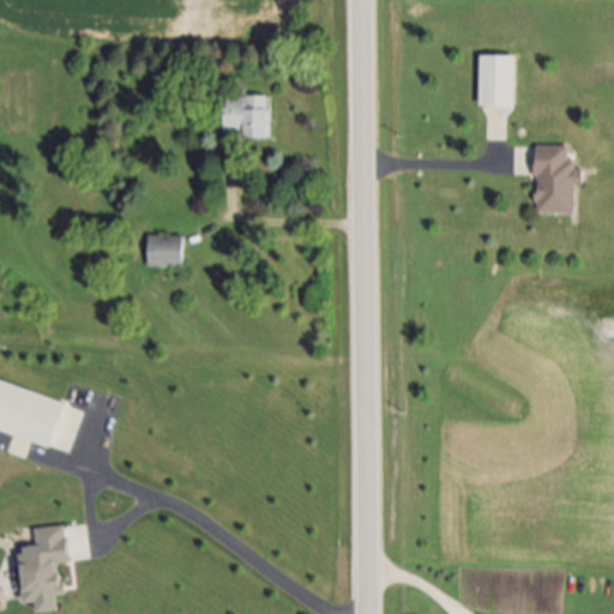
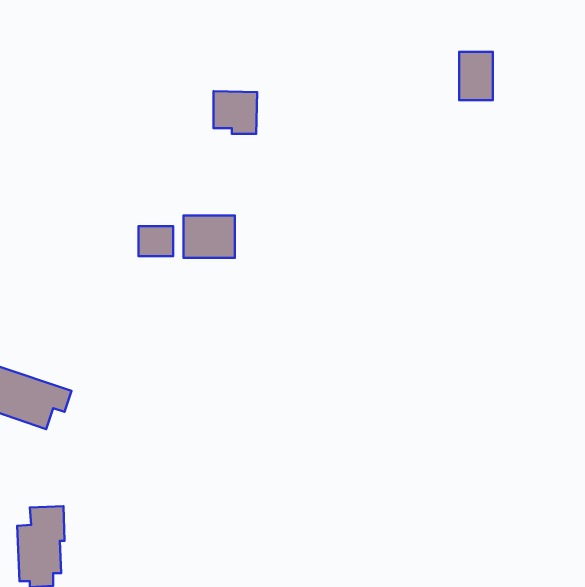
building: [532,145,576,212] -> none
building: none -> [184,215,235,258]

